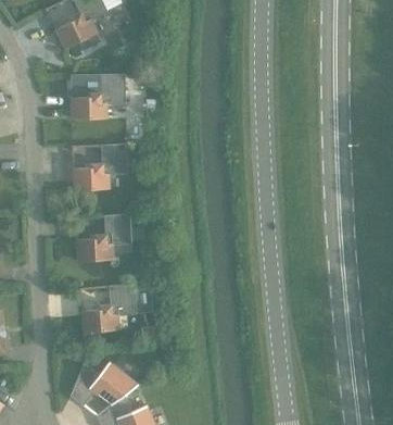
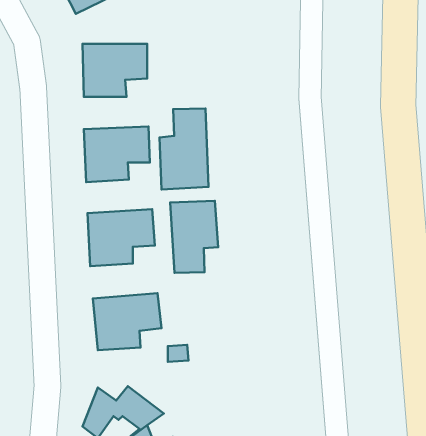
building: none -> [159,108,209,189]
building: none -> [170,201,218,273]

